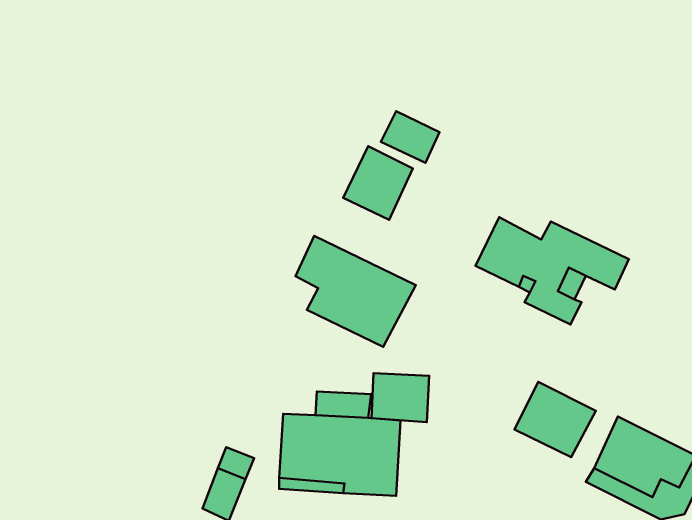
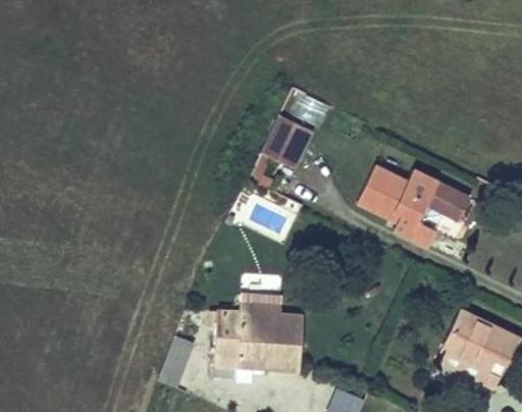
building: [295,236,416,347] -> none
building: [372,373,429,422] -> none
building: [515,382,596,457] -> none

